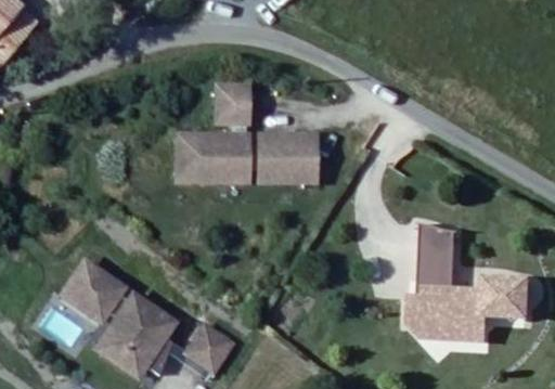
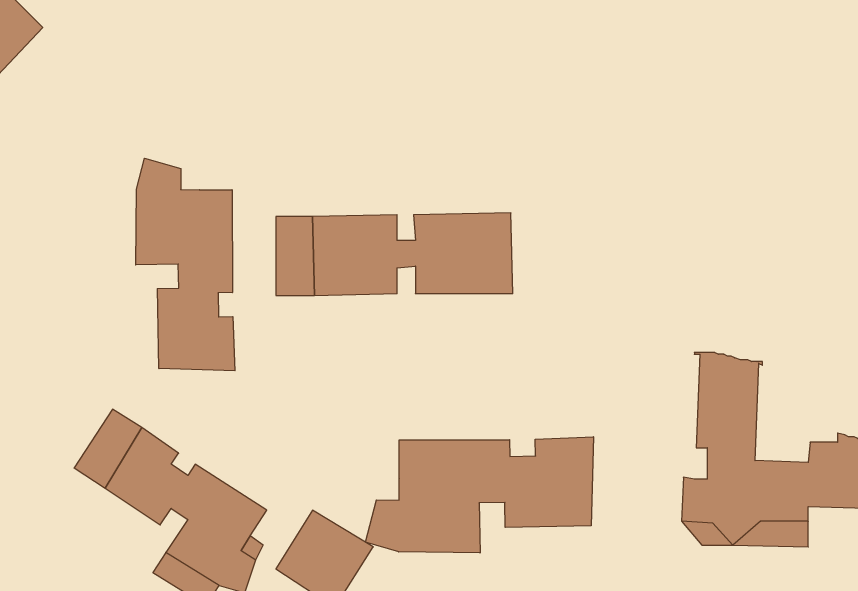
building: [214,90,246,128] -> none
building: none -> [136,158,235,371]
building: none -> [366,437,593,553]

